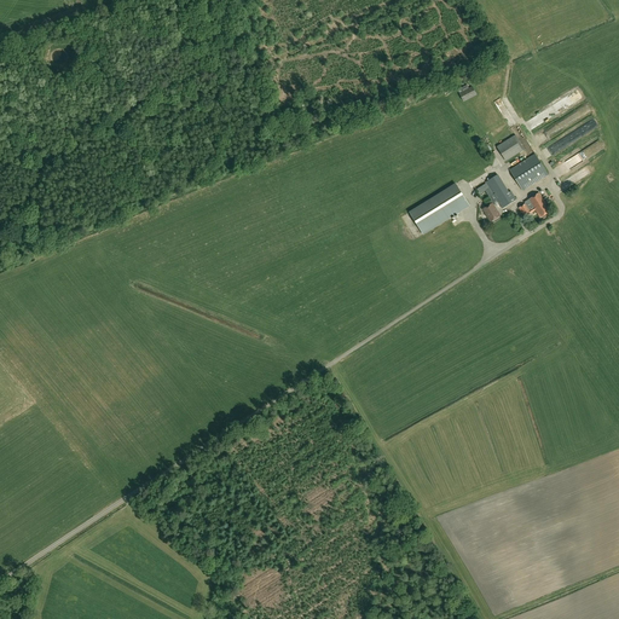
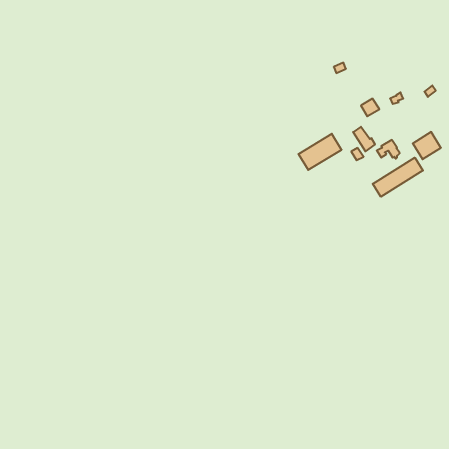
building: [508,152,546,190] -> [413,132,441,159]
building: none -> [373,158,423,197]

